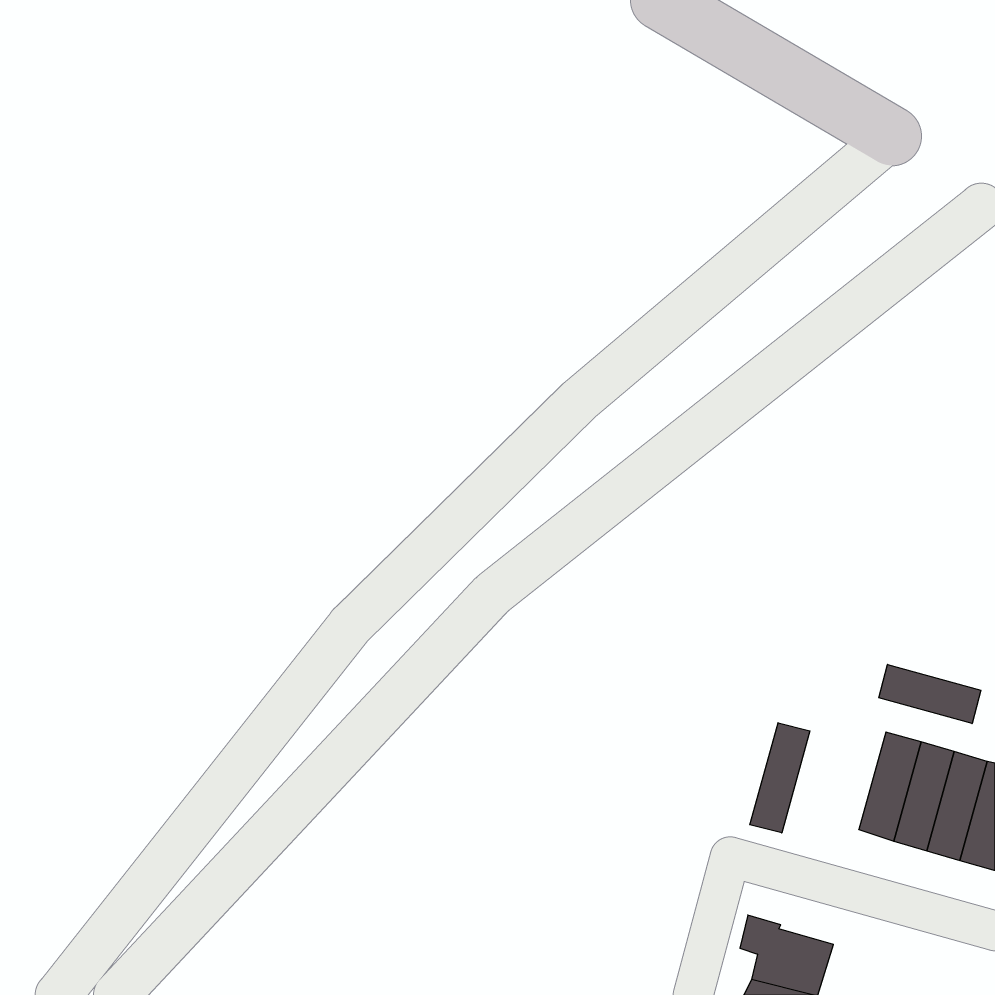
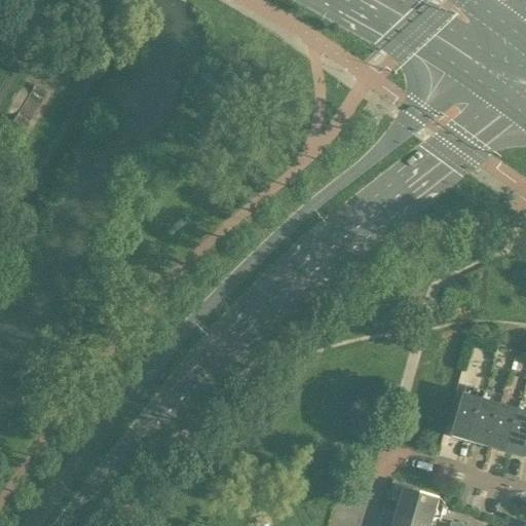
building: [879,664,981,724] -> none
building: [750,723,810,833] -> none

